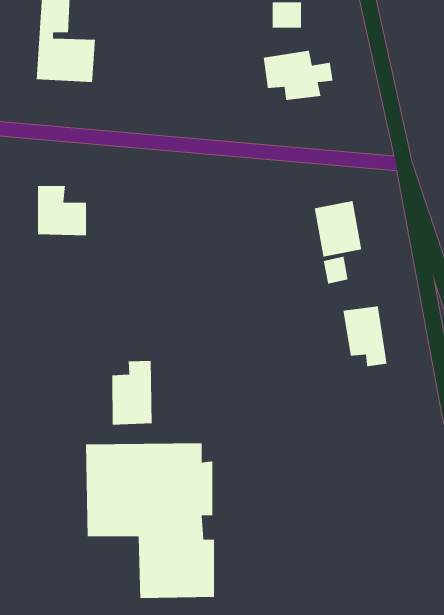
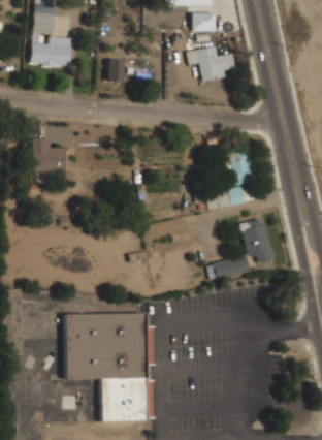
building: none -> [107,58,125,82]
building: none -> [206,256,250,280]
building: [111,360,153,426] -> none

